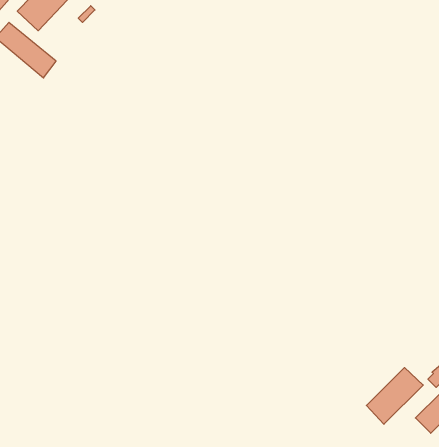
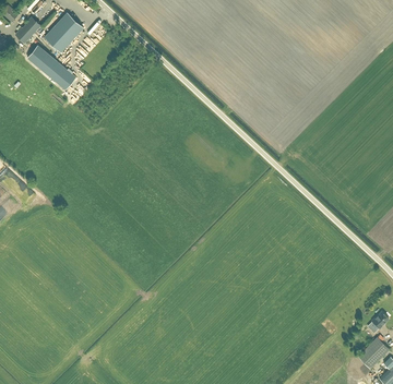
building: [366,368,423,424] -> none

